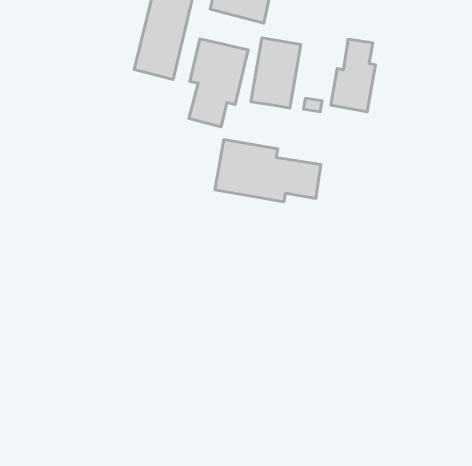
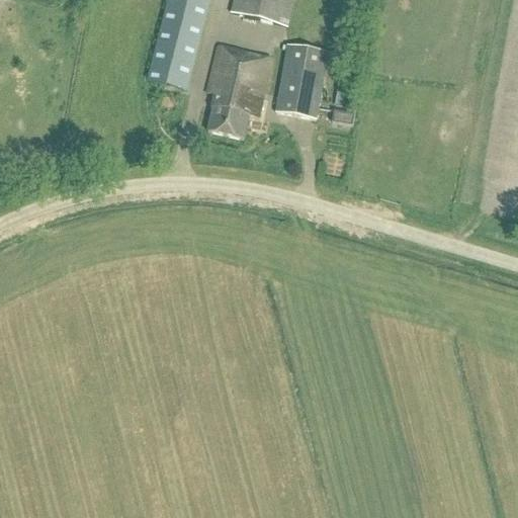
building: [331,39,376,112] -> none
building: [215,140,321,202] -> none

